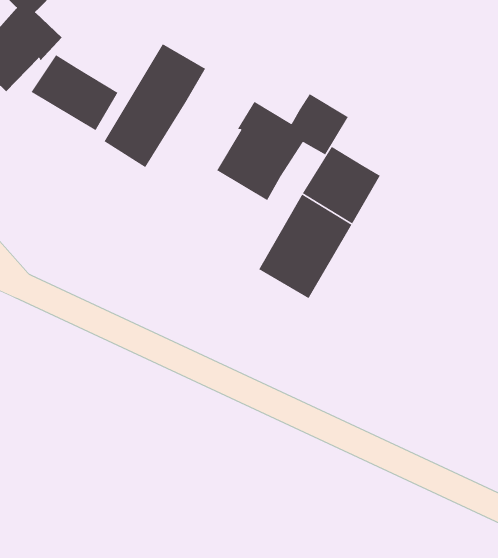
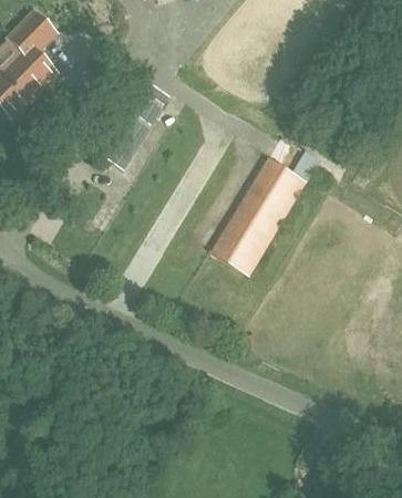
building: [31,54,119,131] -> none
building: [216,93,349,201] -> none

